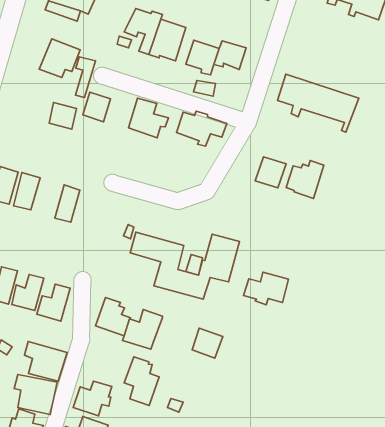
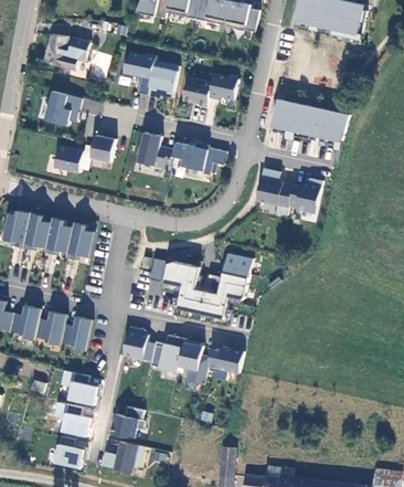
building: none -> [55,220,77,254]
building: [244,272,289,305] -> none
building: [124,357,159,405] -> [177,338,209,382]

